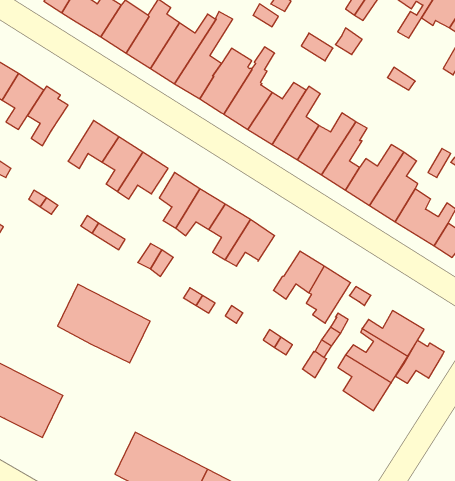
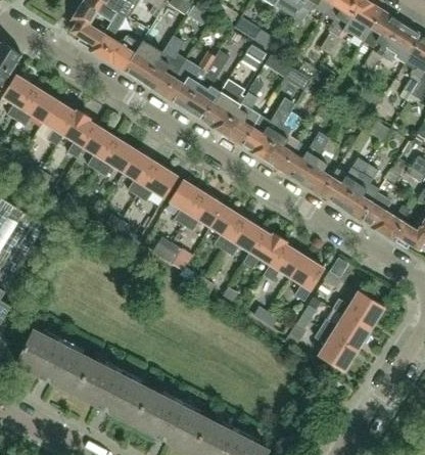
building: none -> [84,126,117,171]
building: none -> [242,231,286,269]
building: [58,284,150,363] -> [77,360,151,423]
building: [395,340,444,383] -> none

